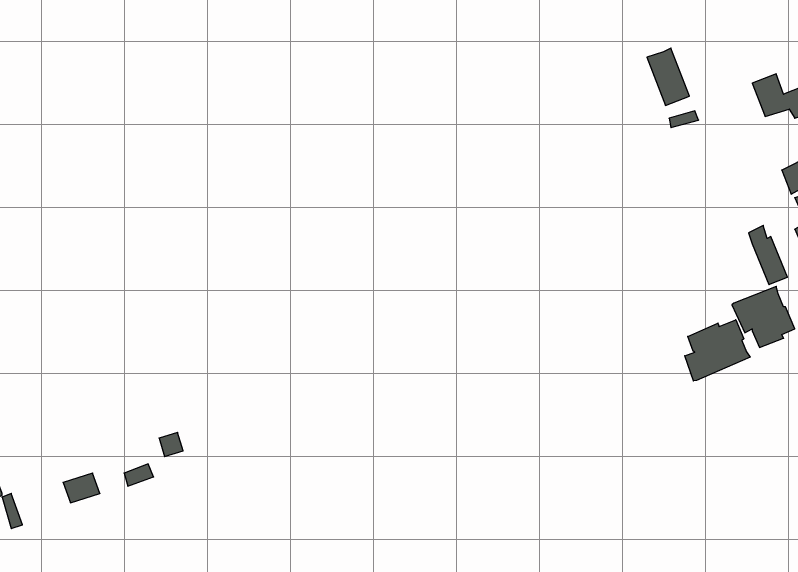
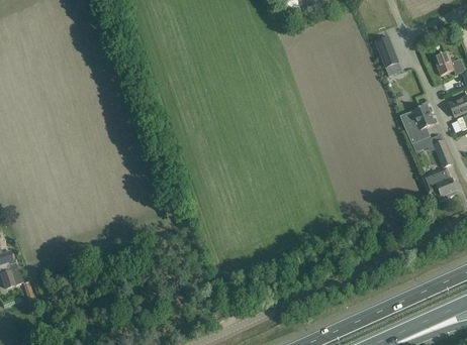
building: none -> [407,105,435,144]
building: [685,320,750,381] -> none

